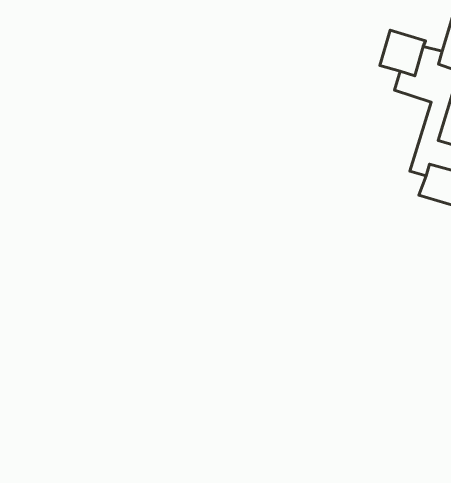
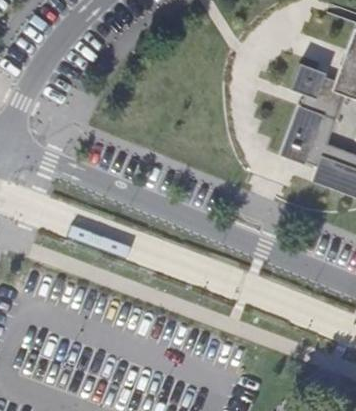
building: none -> [283,106,326,163]

